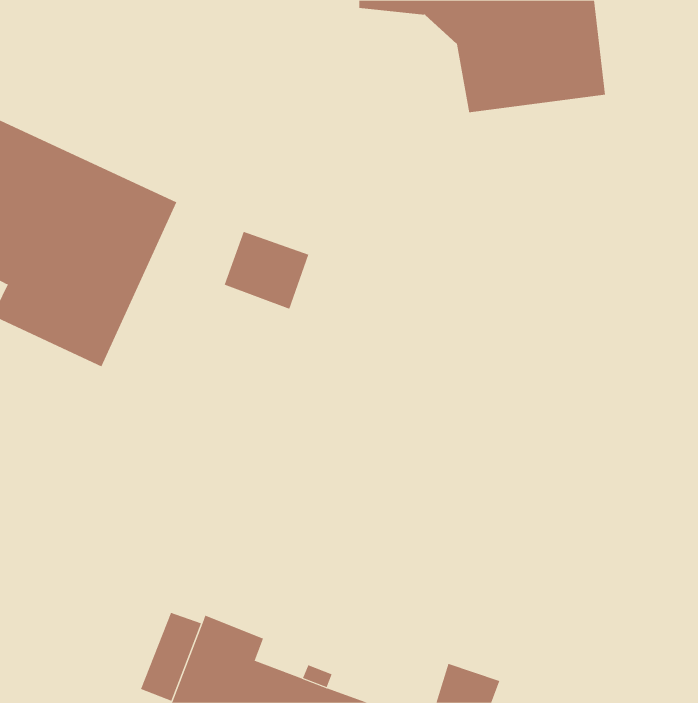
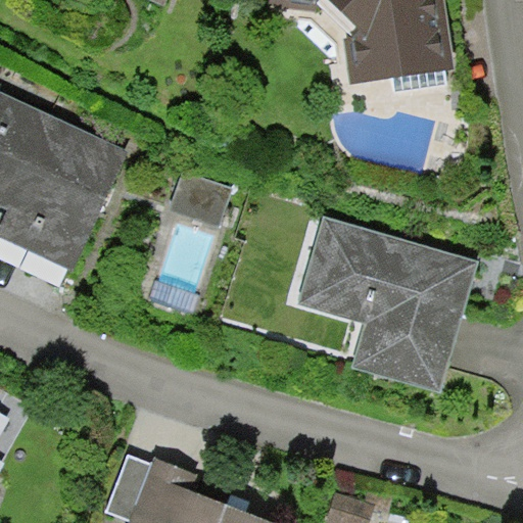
building: none -> [296,218,476,393]

